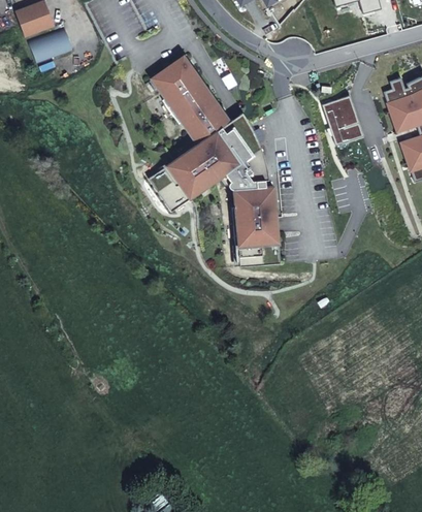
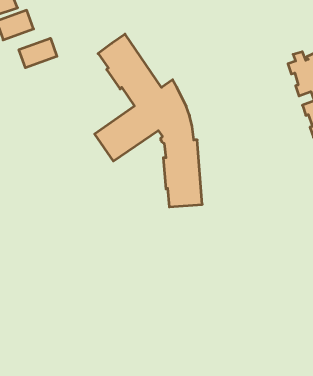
building: none -> [19,38,57,68]
building: [321,96,362,147] -> none

